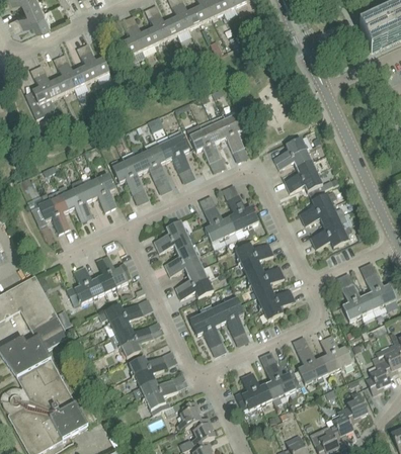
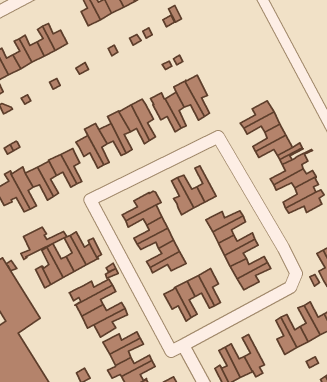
building: [232,194,259,234] -> none
building: none -> [21,227,67,259]
building: [270,361,301,393] -> none

